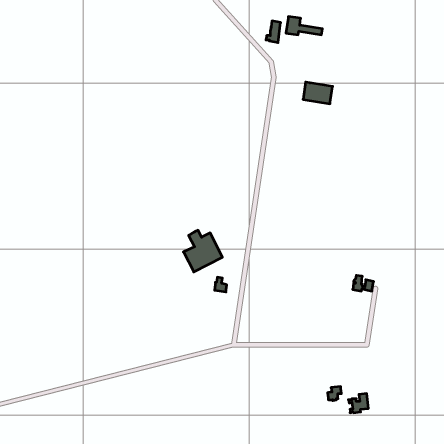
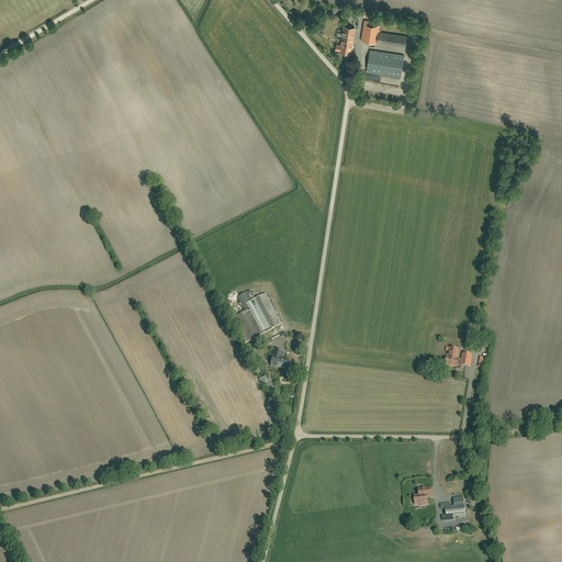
building: [303,82,333,104] -> [367,50,404,78]

